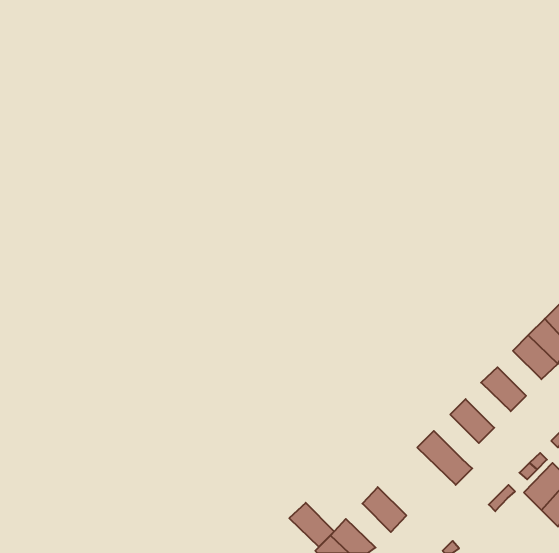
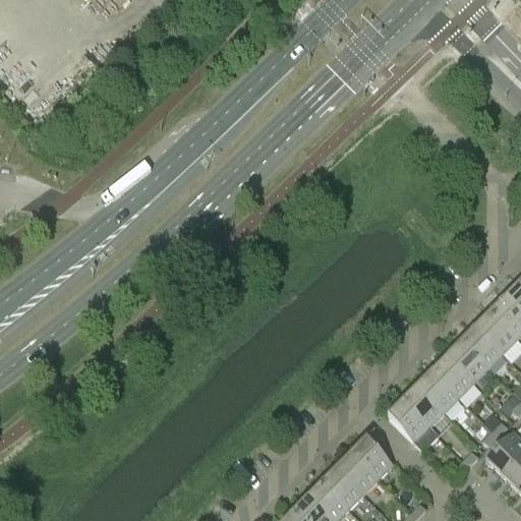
building: none -> [463,325,504,366]
building: none -> [433,354,475,396]
building: none -> [404,384,446,425]
building: none -> [352,436,394,477]
building: [289,503,334,547] -> [323,466,364,507]

